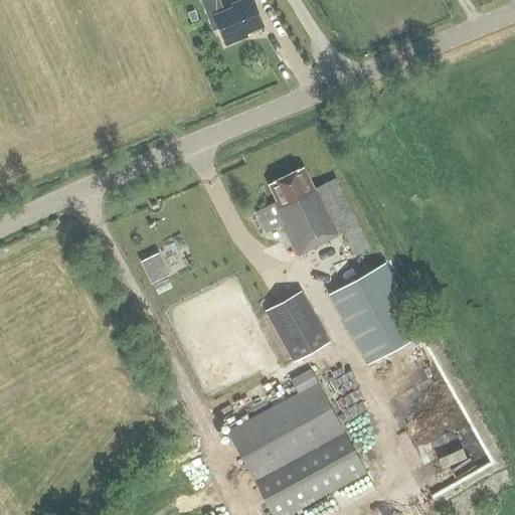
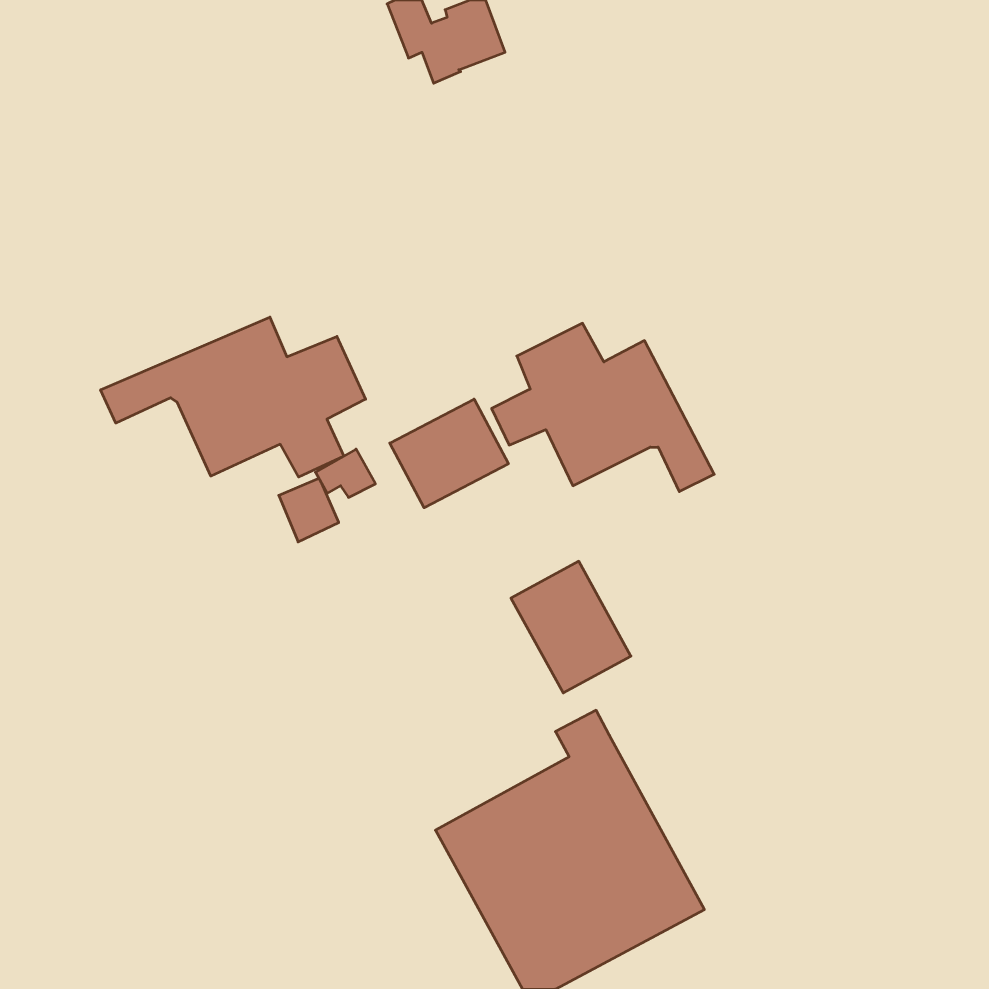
building: none -> [101,317,366,477]
building: none -> [390,399,508,508]
building: [328,262,424,364] -> none

